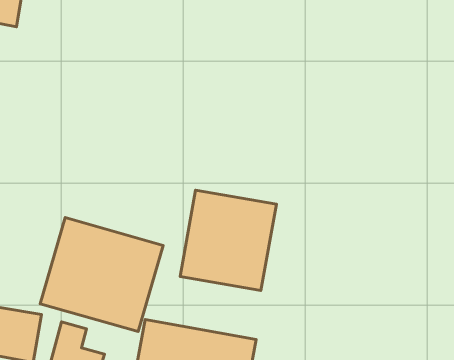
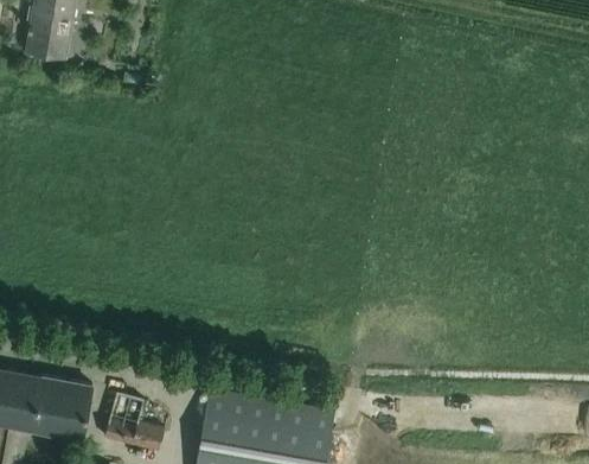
building: [180,190,276,291] -> none
building: [40,218,163,332] -> none

